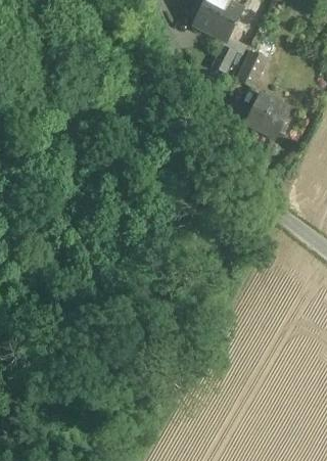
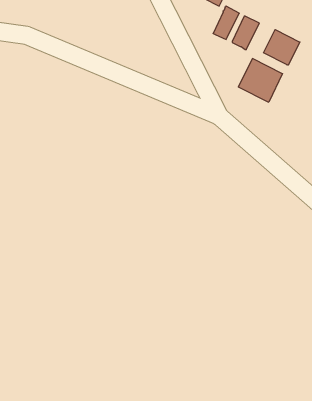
building: none -> [264,30,300,65]

